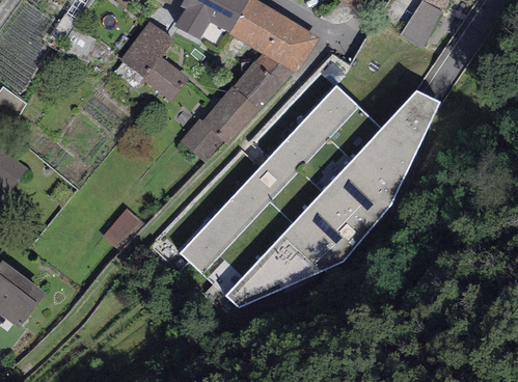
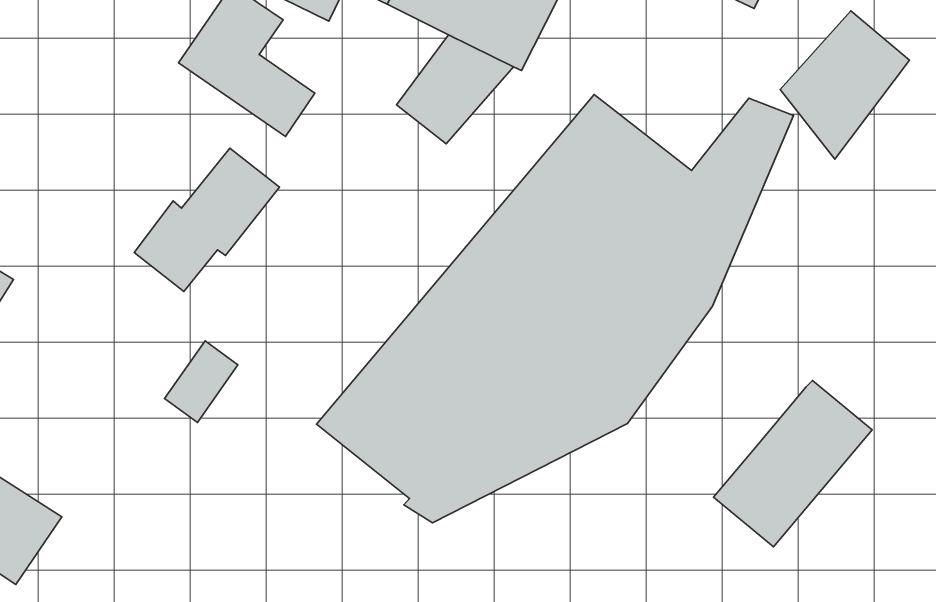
building: none -> [780,11,909,159]
building: [179,87,256,161] -> [134,148,279,291]
building: none -> [714,380,872,547]

